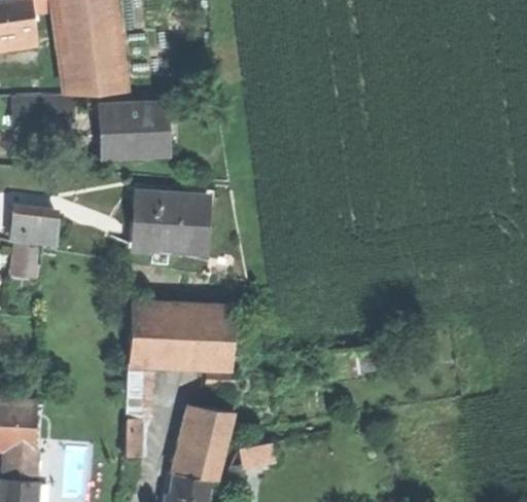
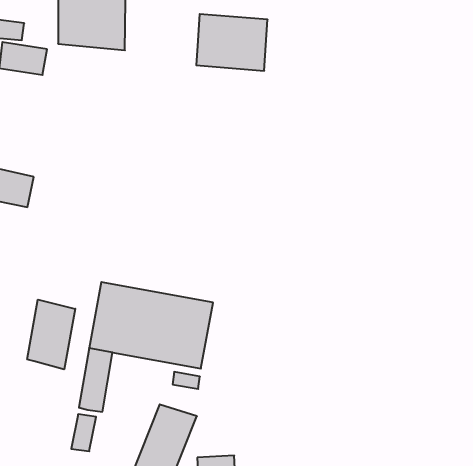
building: [103,106,168,155] -> [196,14,268,71]
building: [136,191,210,253] -> none
building: none -> [27,300,75,369]

